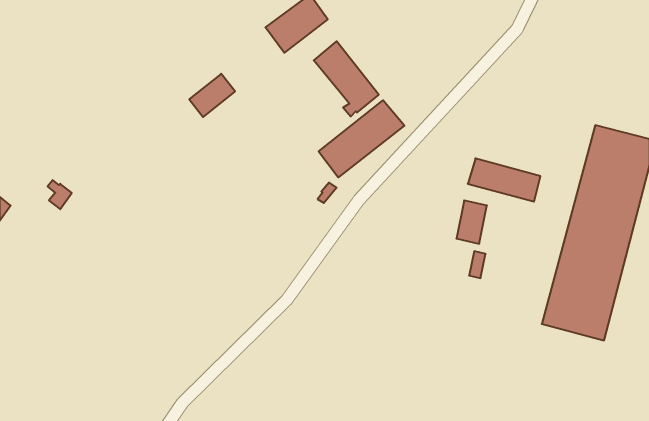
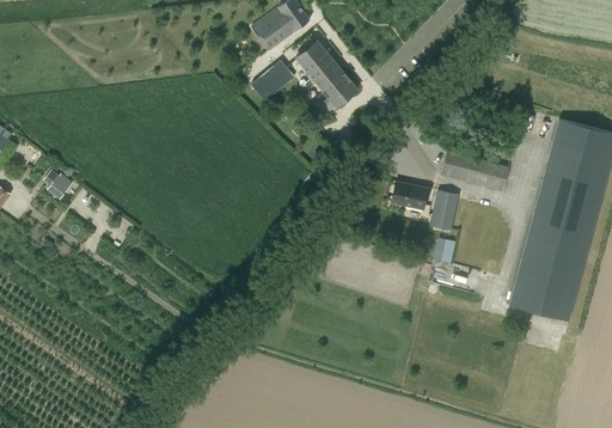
building: [189,74,235,117] -> [251,61,294,102]
building: [319,100,404,177] -> none
building: none -> [390,181,429,210]

